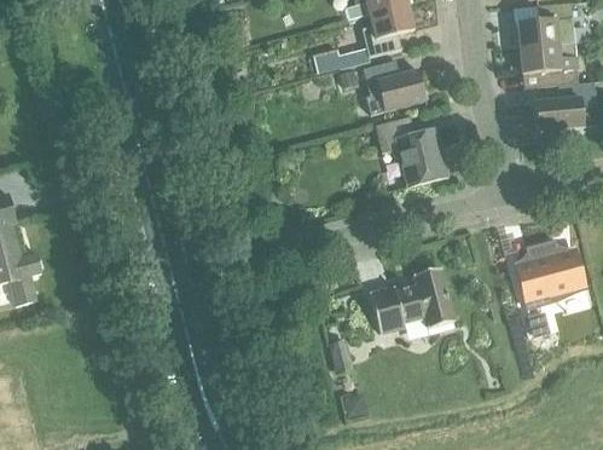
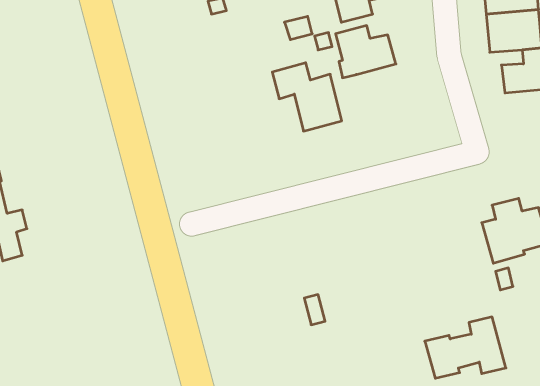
building: [375,115,447,186] -> [272,63,342,131]
building: [369,267,453,331] -> [425,317,506,378]

